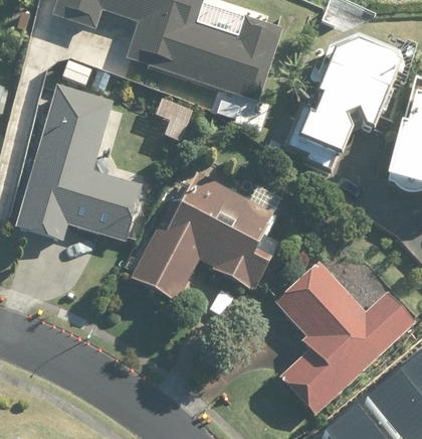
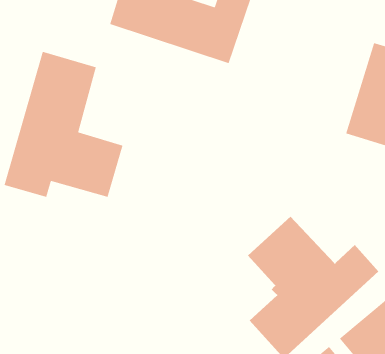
building: [295,45,397,161] -> none
building: [129,173,279,306] -> none

